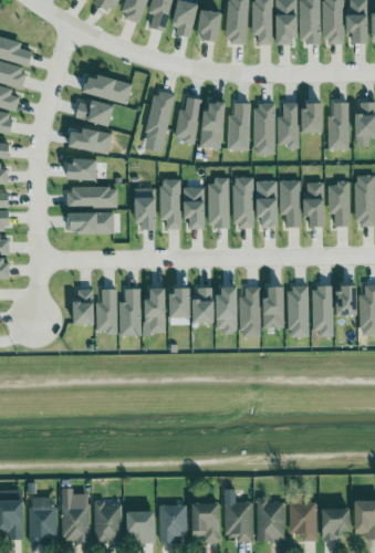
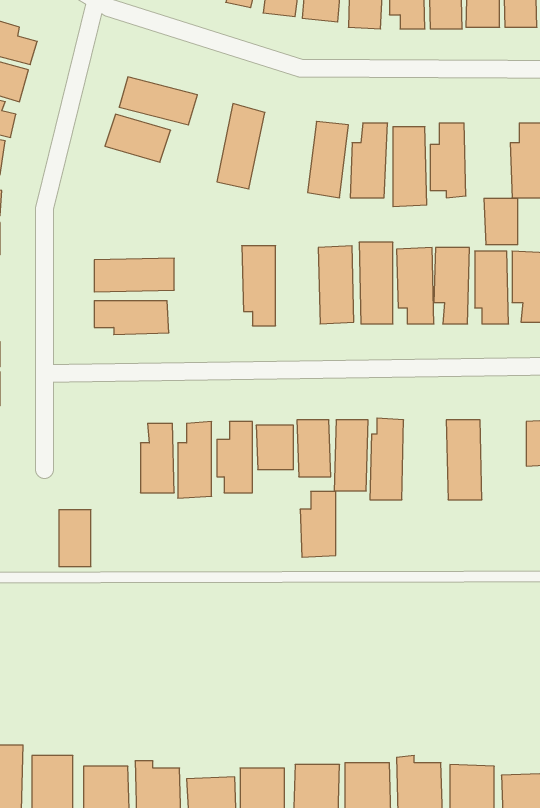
building: [174,96,201,140] -> none
building: [302,103,323,132] -> [484,198,518,245]
building: [69,129,111,152] -> none
building: [69,158,98,180] -> none
building: [184,186,205,229] -> none
building: [135,187,157,229] -> none
building: [311,285,333,334] -> none
building: [262,286,284,327] -> [300,491,336,557]
building: [74,289,94,324] -> [59,510,91,567]

